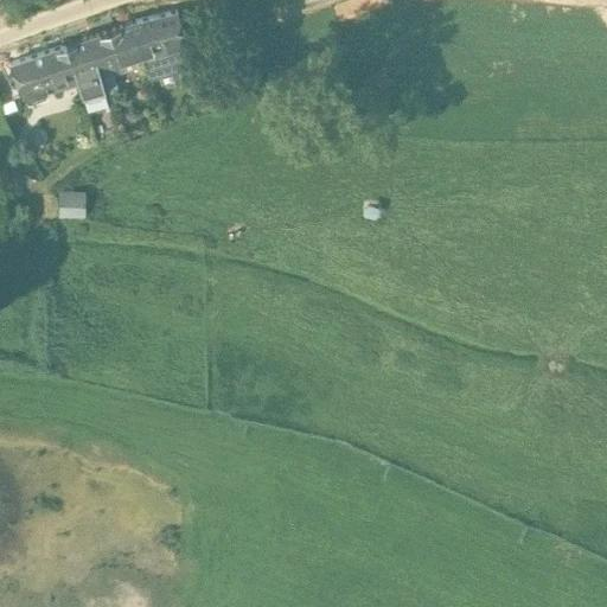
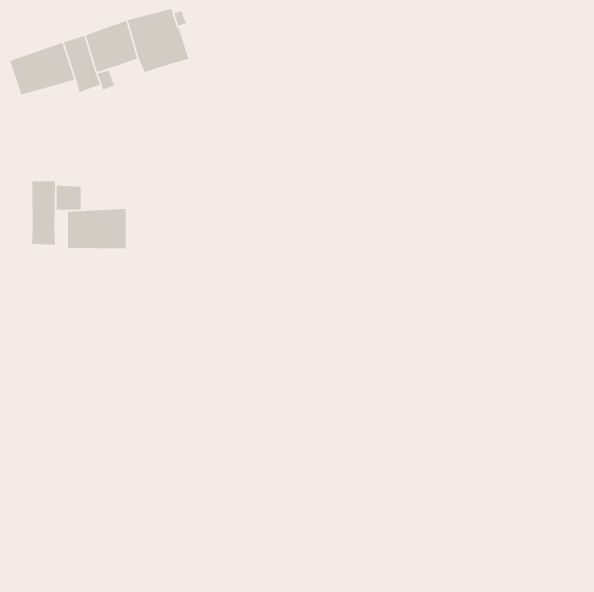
building: none -> [31,180,56,246]
building: none -> [67,208,127,249]

